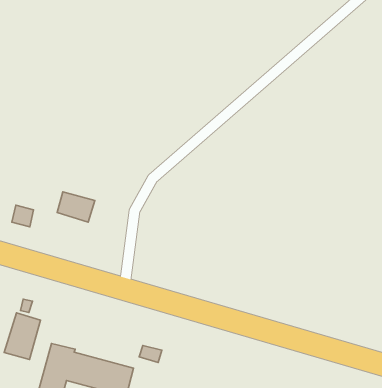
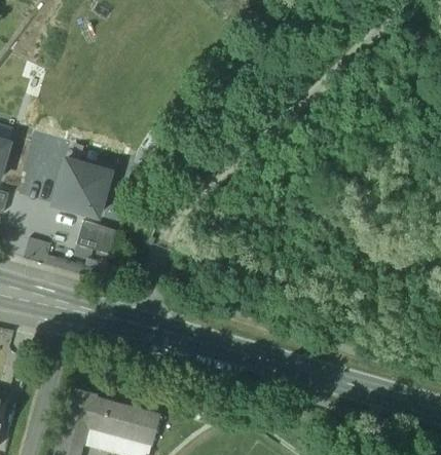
building: none -> [53,161,110,217]
building: [4,313,40,360] -> none

